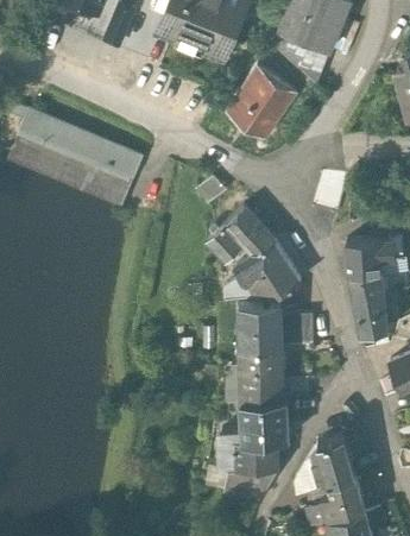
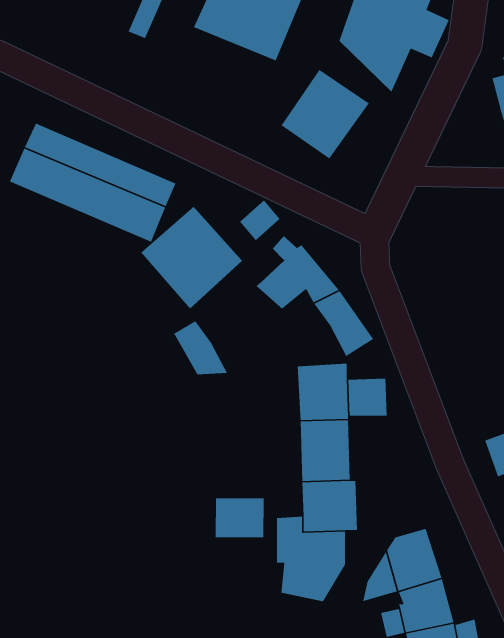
building: none -> [140,206,243,310]
building: [343,238,399,339] -> none
building: [234,252,278,296] -> [173,320,228,375]
building: none -> [215,498,264,538]

